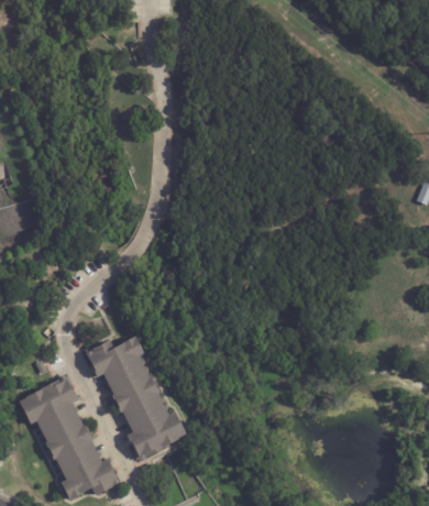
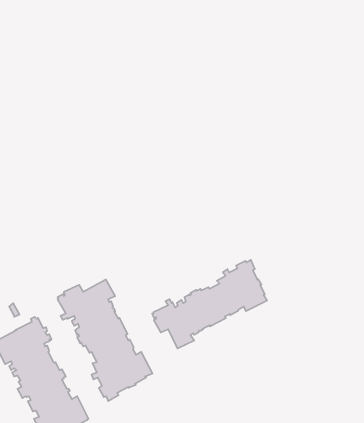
building: none -> [152,260,267,349]

